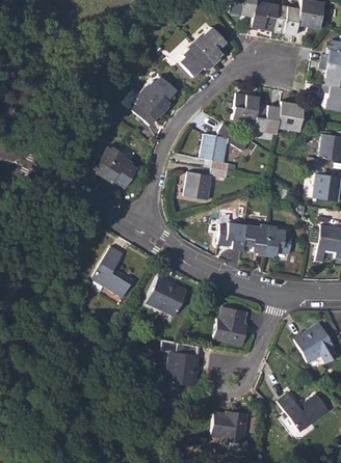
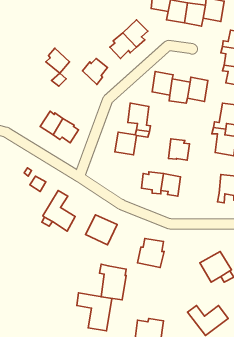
building: [131,92,161,125] -> [46,48,69,73]
building: [265,228,292,255] -> [169,139,190,160]
building: none -> [77,293,112,331]

